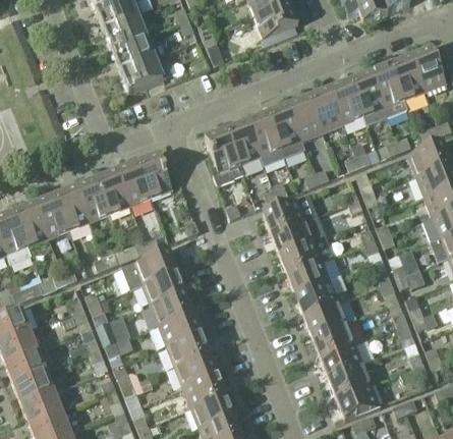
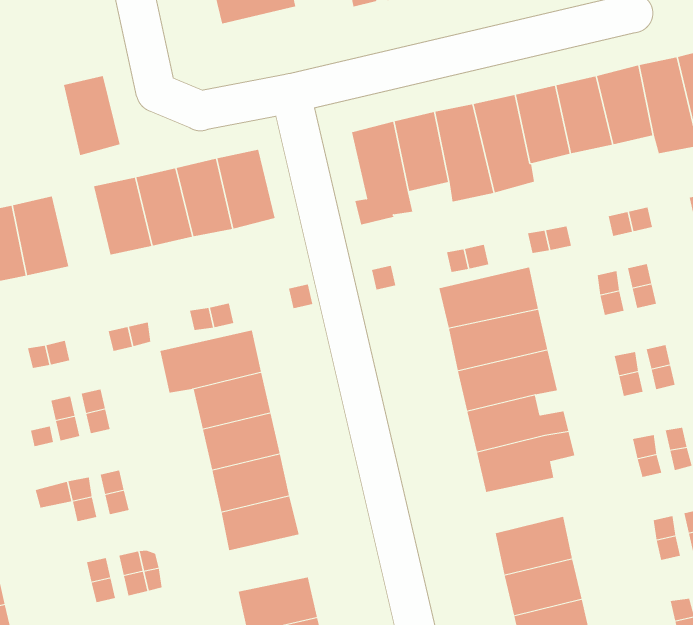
building: [54,187,89,231] -> [63,76,120,156]
building: [303,298,355,336] -> none
building: [174,352,218,387] -> none

